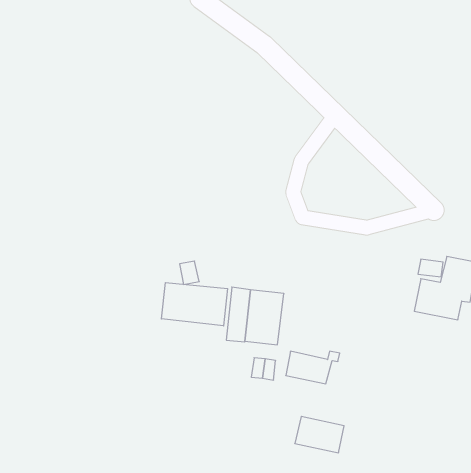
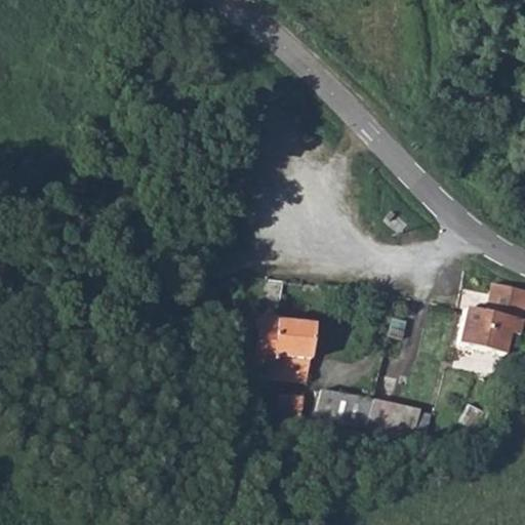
building: [161,283,228,326] -> none
building: [295,416,344,453] -> [370,399,425,439]

